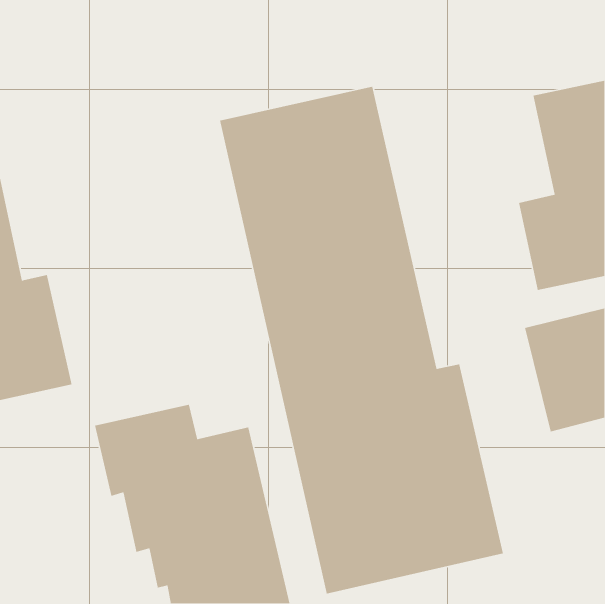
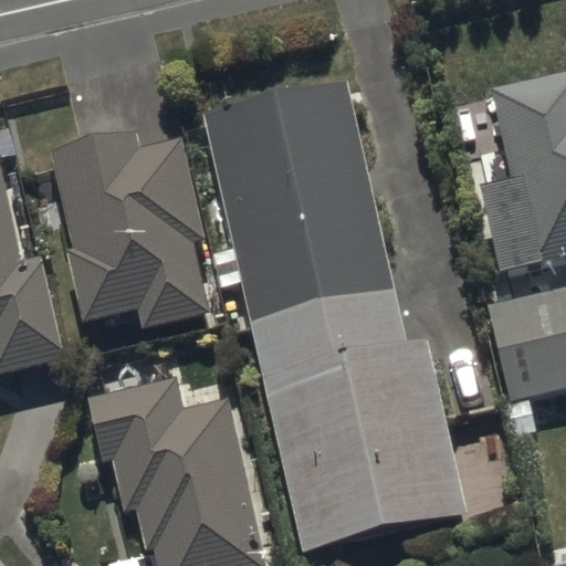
building: none -> [53,134,210,329]

